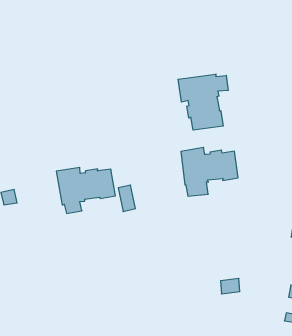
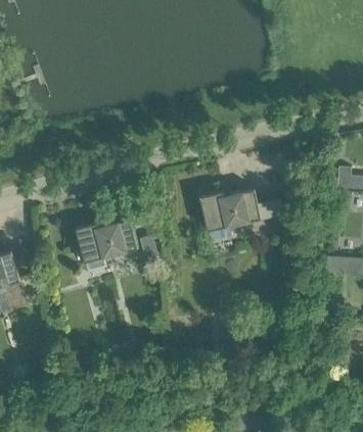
building: [178,74,228,130] -> none

